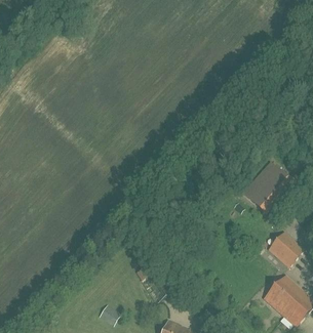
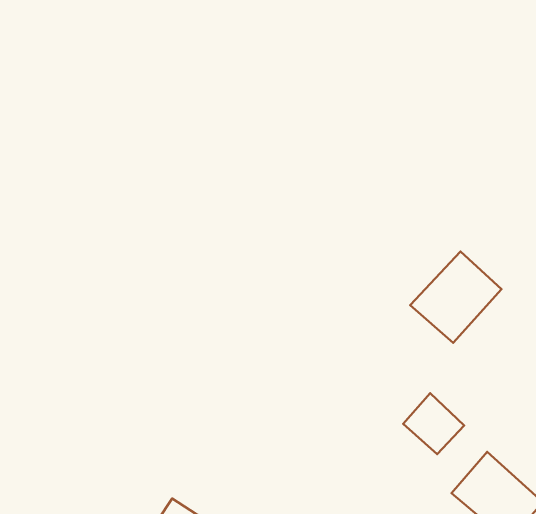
building: [268,232,303,266] -> [403,393,464,454]

